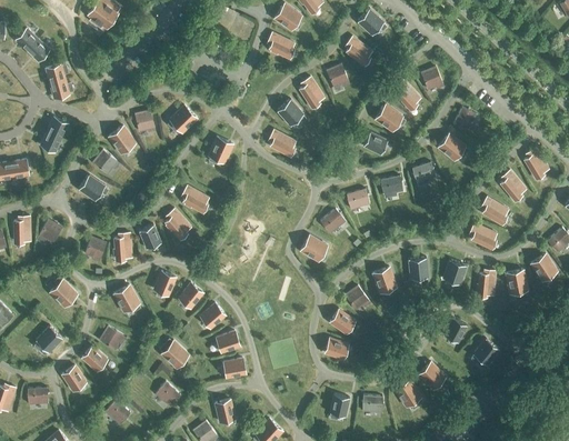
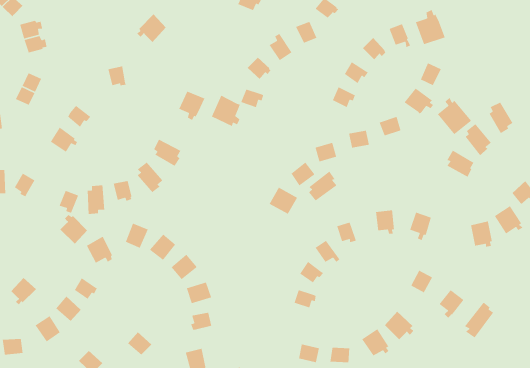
building: none -> [415,9,446,45]
building: [167,103,198,133] -> [136,13,167,43]
building: [108,124,137,154] -> none
building: none -> [211,94,241,127]
building: none -> [437,97,472,135]
building: none -> [308,170,337,202]
building: [468,222,498,249] -> none
building: [476,269,497,298] -> none
building: [49,277,78,308] -> [60,214,88,245]
building: [160,338,190,369] -> none
building: none -> [464,301,494,339]

